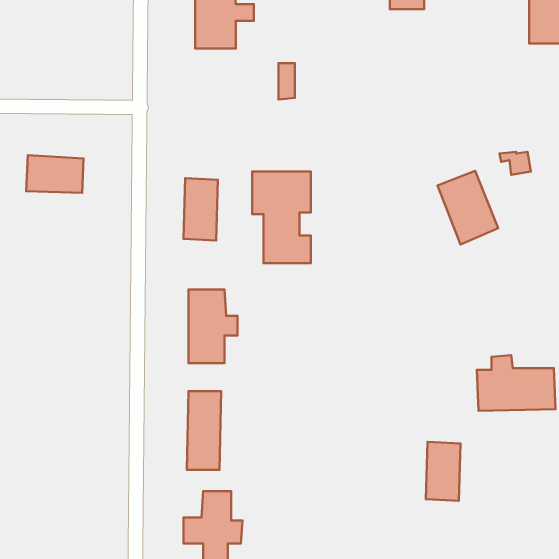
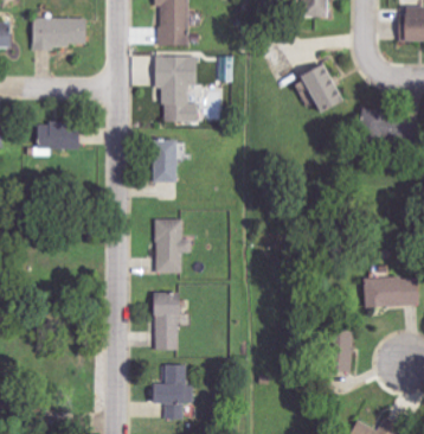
building: none -> [32,18,86,49]
building: [438,171,498,244] -> [298,62,342,115]
building: [252,172,311,263] -> [154,56,197,122]

